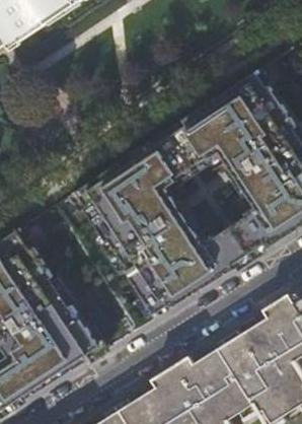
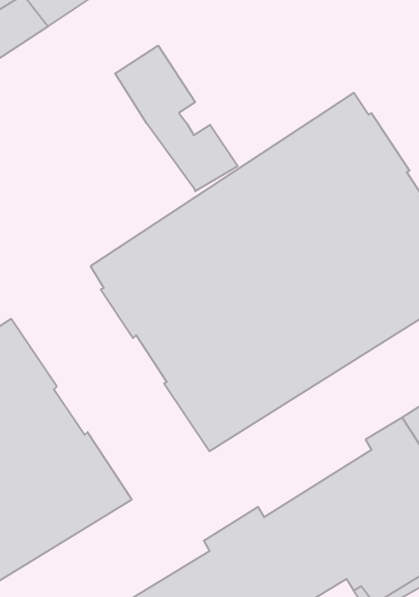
building: none -> [115,46,238,191]

